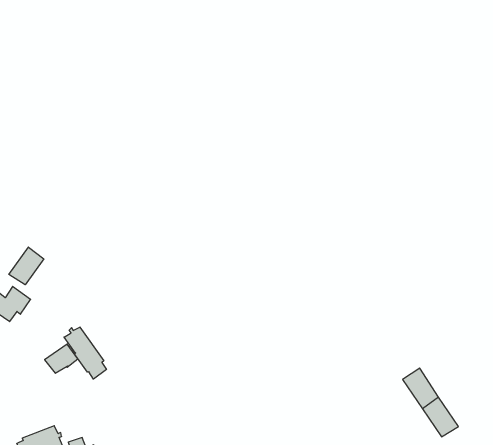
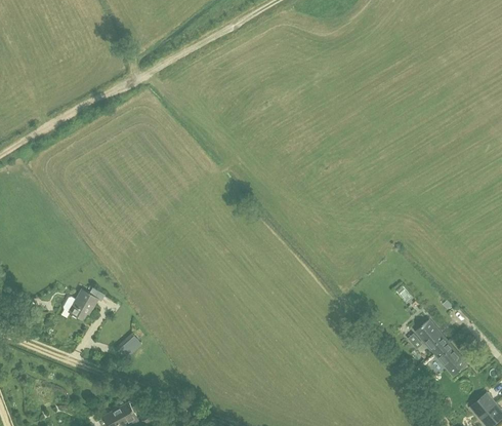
building: [9,247,44,285] -> none
building: [64,327,106,379] -> none

